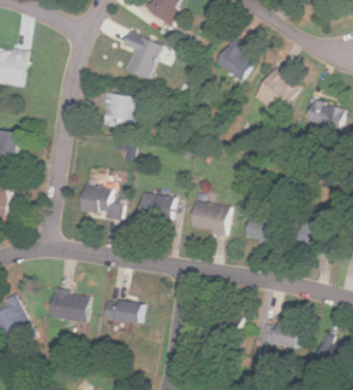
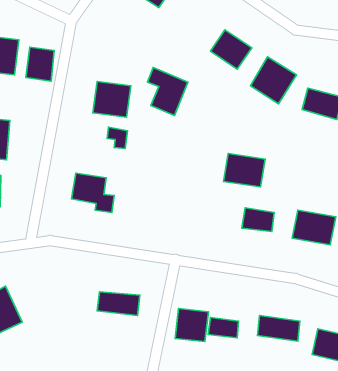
building: [121,31,161,78] -> [148,67,188,116]
building: none -> [26,47,54,81]
building: [136,191,173,226] -> none
building: [188,200,229,233] -> [224,153,265,187]
building: [47,288,89,321] -> none
building: none -> [175,309,208,342]

